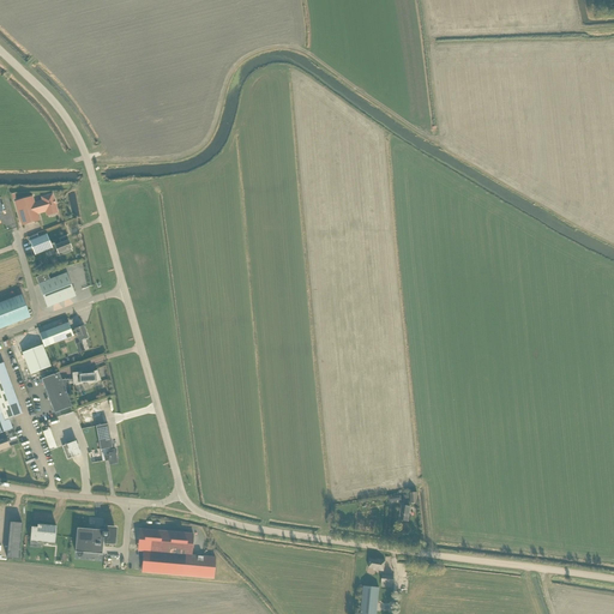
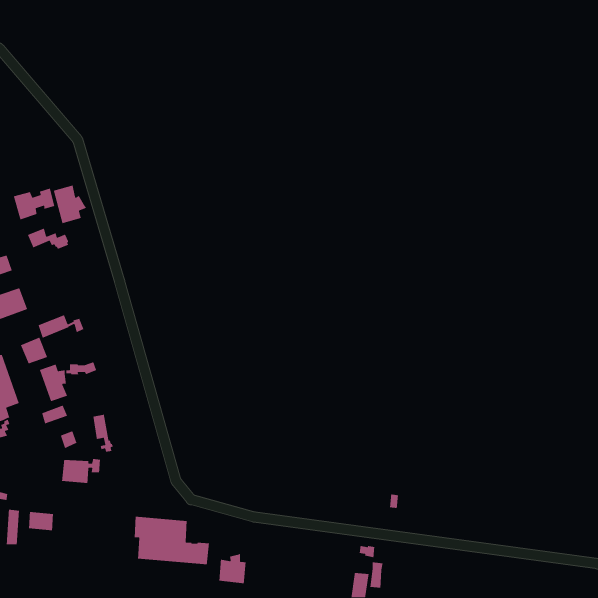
building: none -> [53,184,87,224]
building: [35,272,73,306] -> none
building: [73,525,114,553] -> [61,457,101,484]
building: none -> [218,553,247,584]

